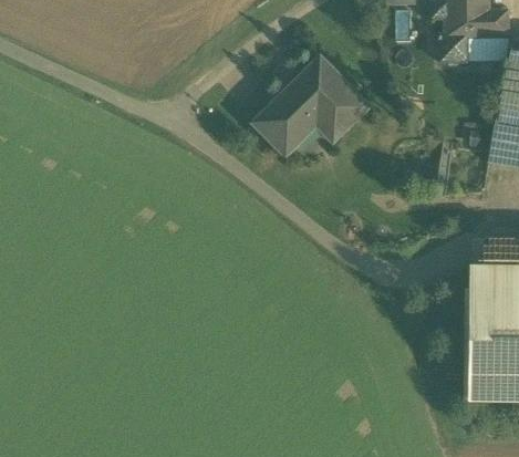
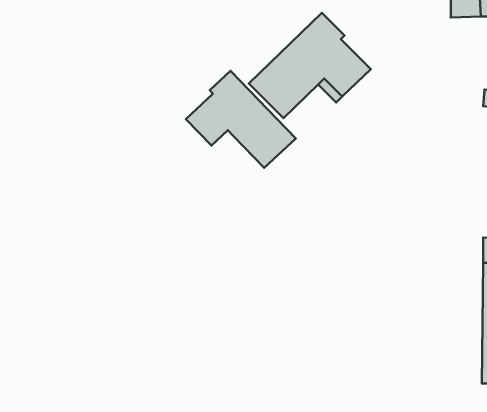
building: none -> [186,71,296,168]

